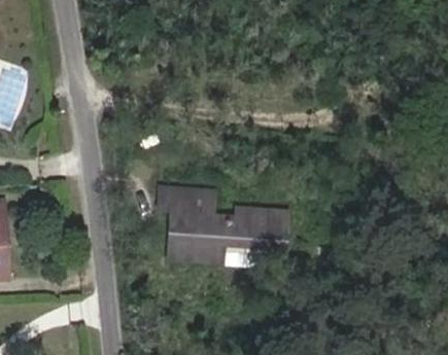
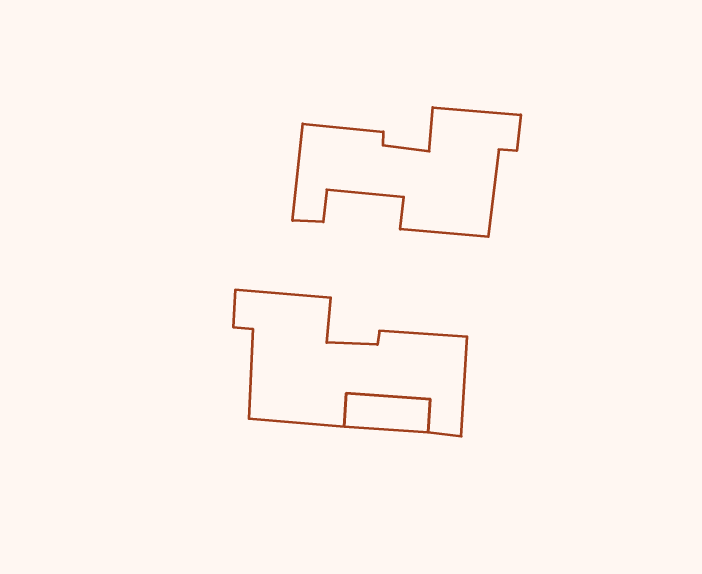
building: none -> [293,107,521,237]

